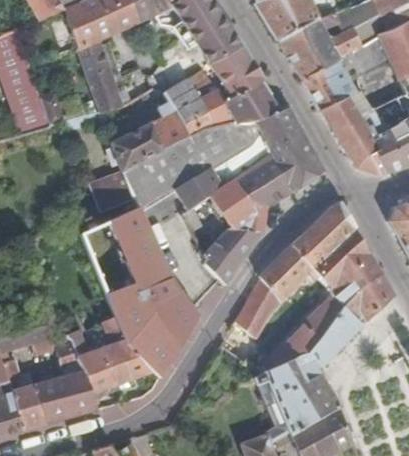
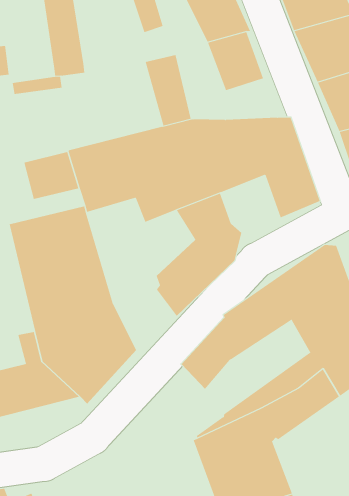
building: [188,69,277,124] -> none
building: [106,96,187,166] -> none
building: [242,159,293,208] -> none

